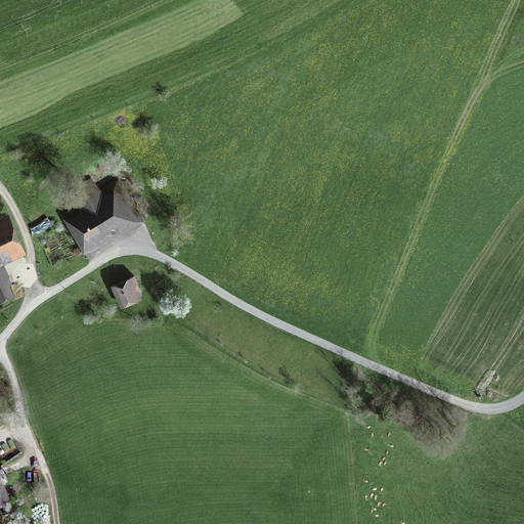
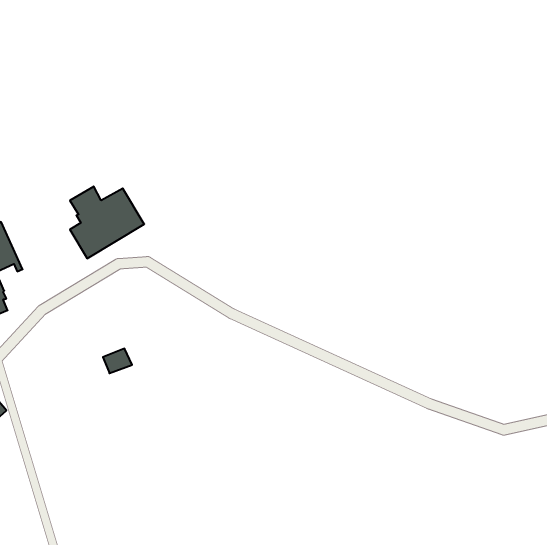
building: [113,283,140,307] -> [103,349,132,373]

